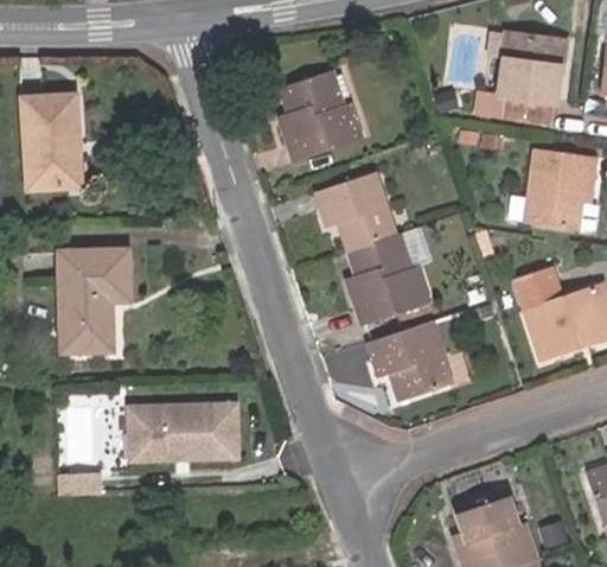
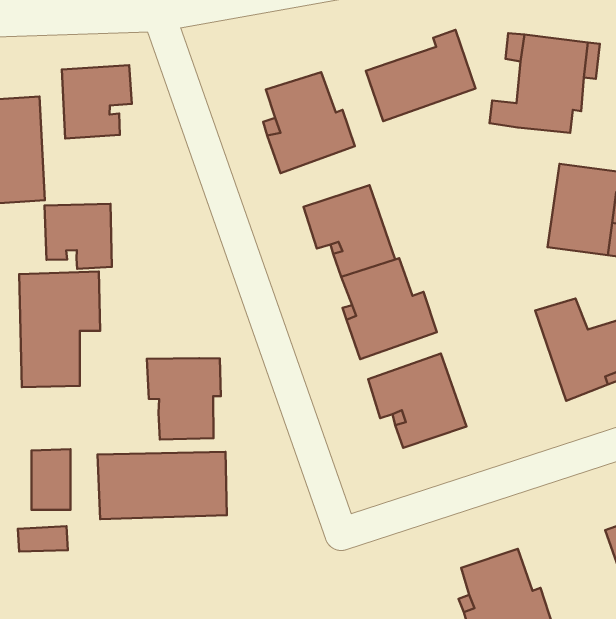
building: none -> [366,30,475,121]
building: none -> [62,65,132,138]
building: none -> [45,204,112,269]
building: none -> [147,358,221,439]

